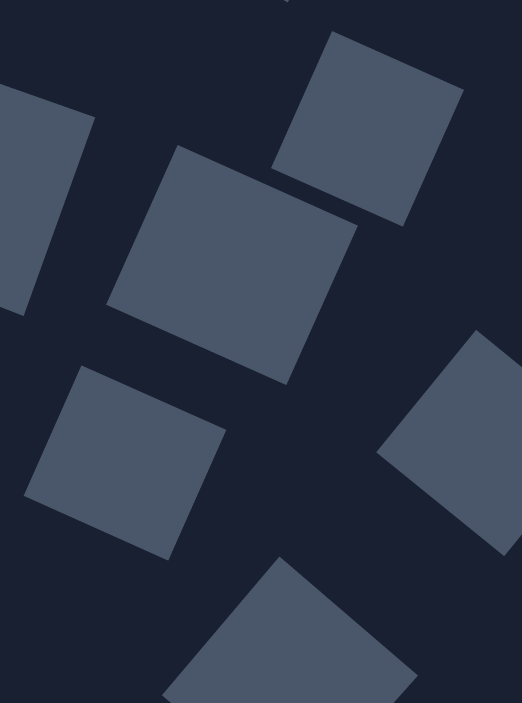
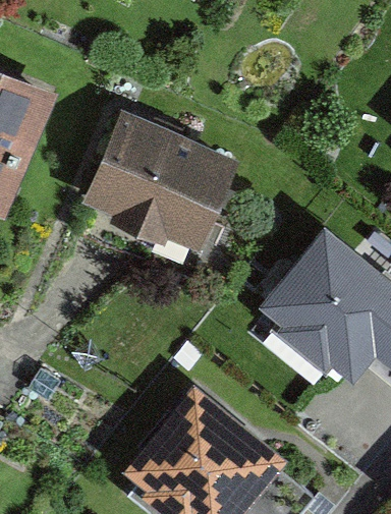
building: [270,30,465,227] -> none
building: [23,365,227,561] -> none

